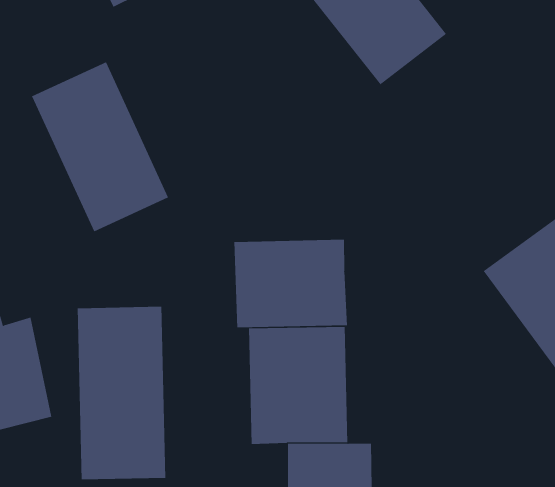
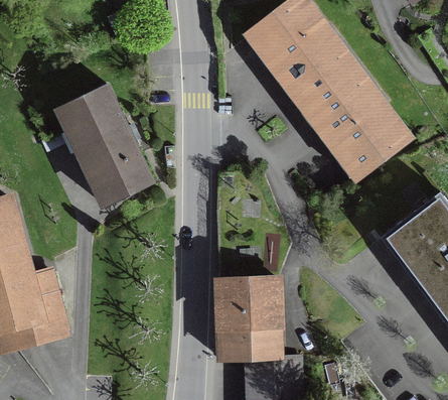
building: none -> [308,61,415,173]
building: [234,239,347,328] -> none
building: [77,306,166,480] -> none

